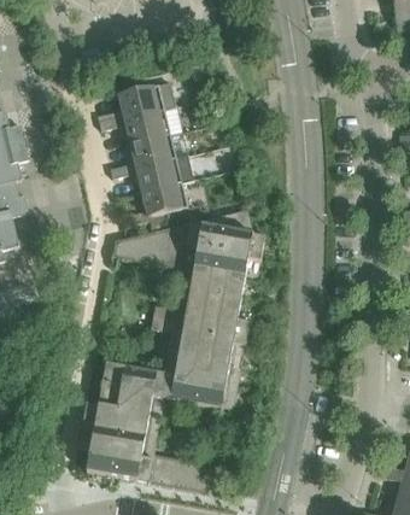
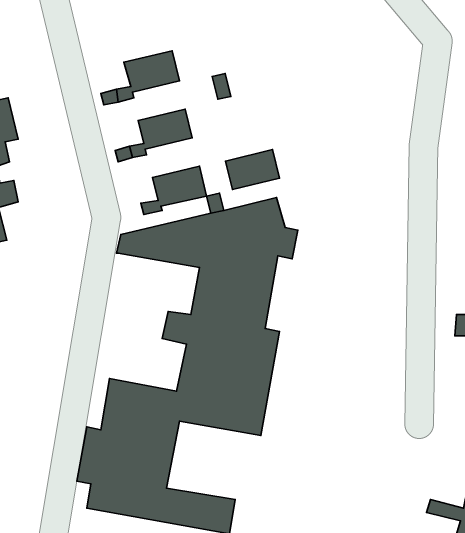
building: [125,110,170,144] -> none
building: [136,158,182,192] -> [225,150,280,190]

